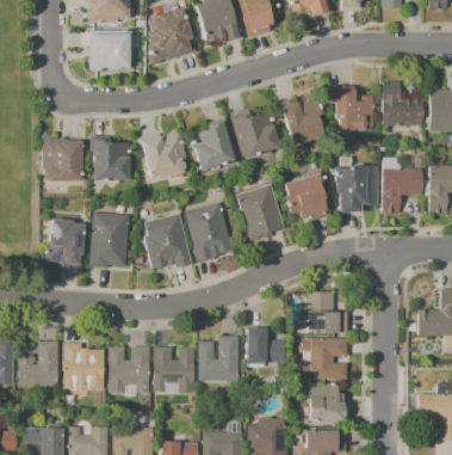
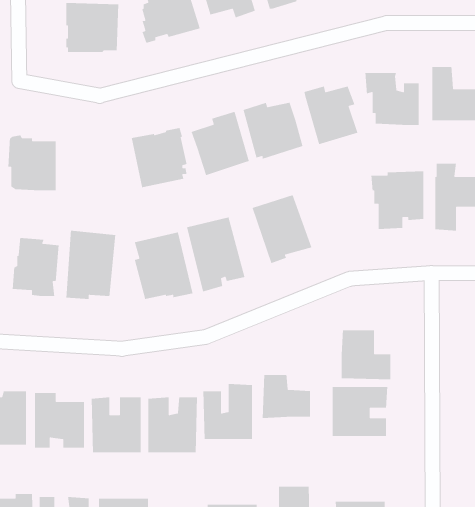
building: [89,136,129,180] -> none
building: [285,168,332,221] -> none
building: [309,383,348,420] -> none

